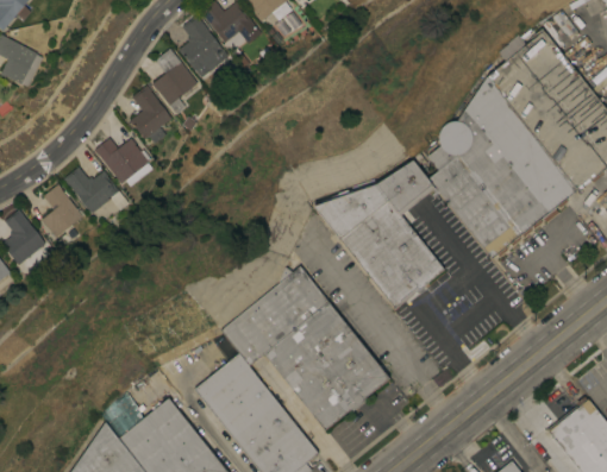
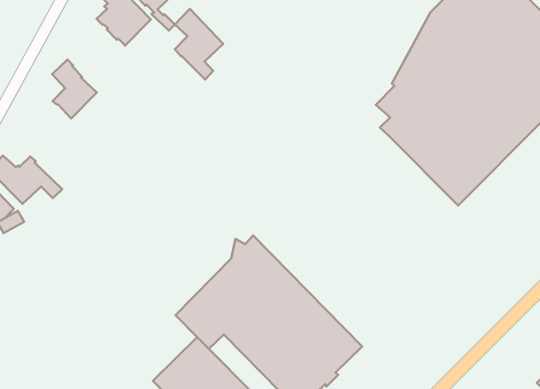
building: [152,48,198,114] -> [175,9,223,79]
building: [94,138,154,187] -> none
building: [314,161,444,308] -> none

